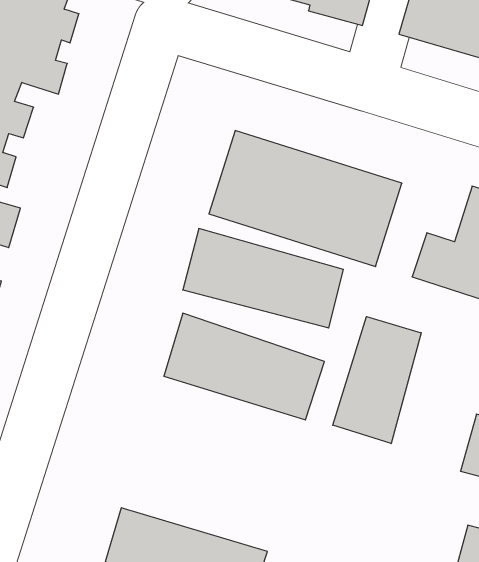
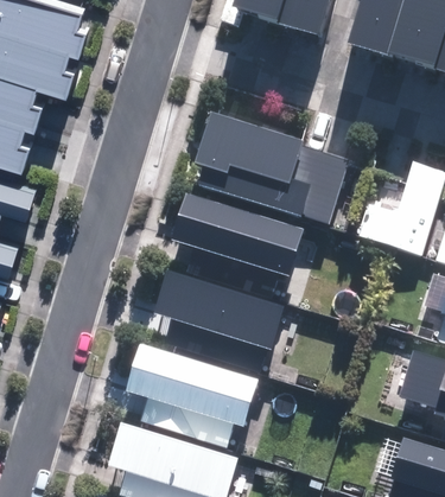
building: [333,317,421,444] -> none
building: none -> [127,344,262,448]

